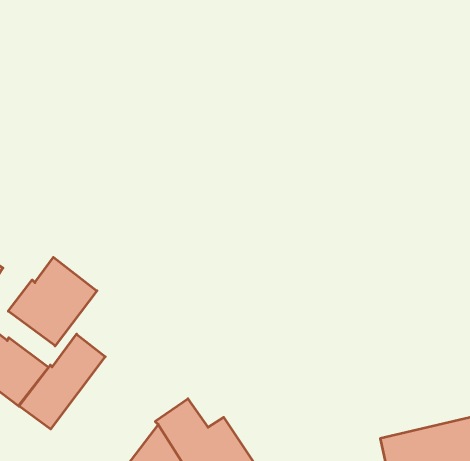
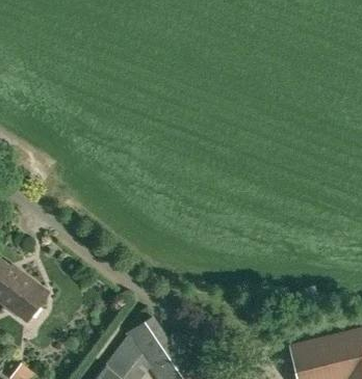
building: [8,257,97,346] -> none
building: [19,334,105,429] -> none

